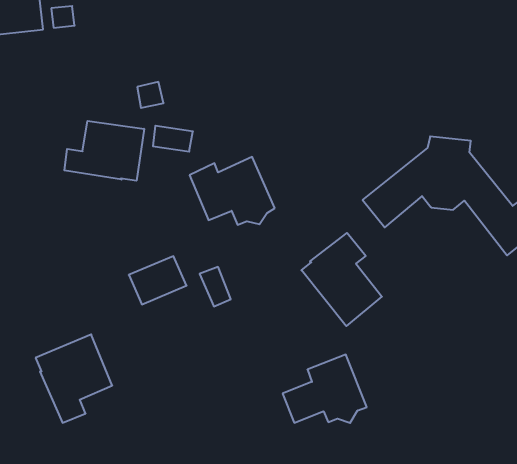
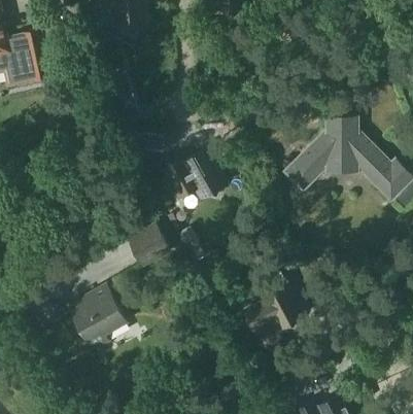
building: [64,121,144,181] -> none
building: [301,233,382,326] -> none

